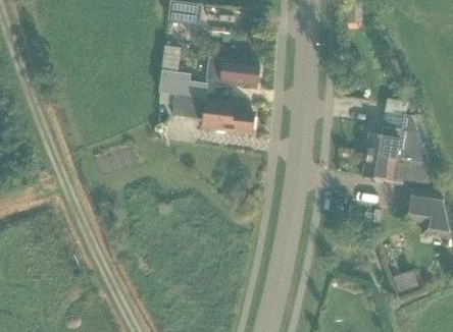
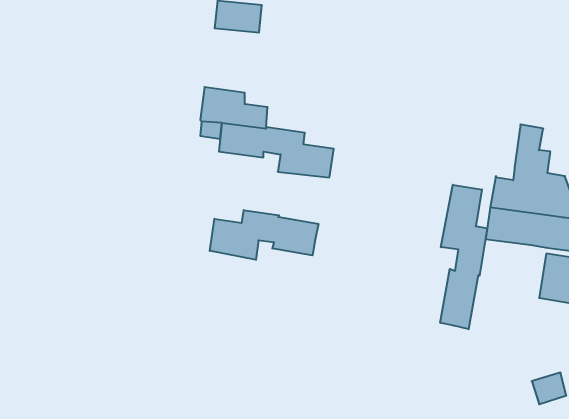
building: [207,56,261,86] -> none
building: none -> [440,185,487,329]
building: none -> [210,210,318,260]

